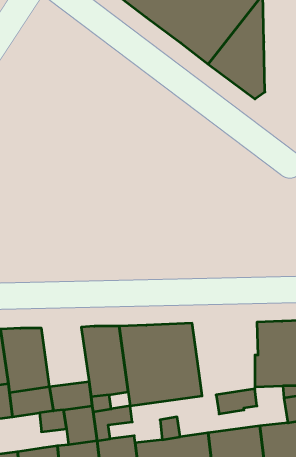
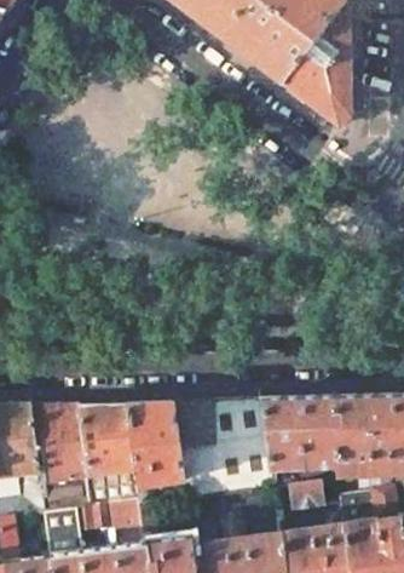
building: none -> [260,396,340,468]
building: none -> [77,402,135,475]
building: none -> [42,506,80,554]

